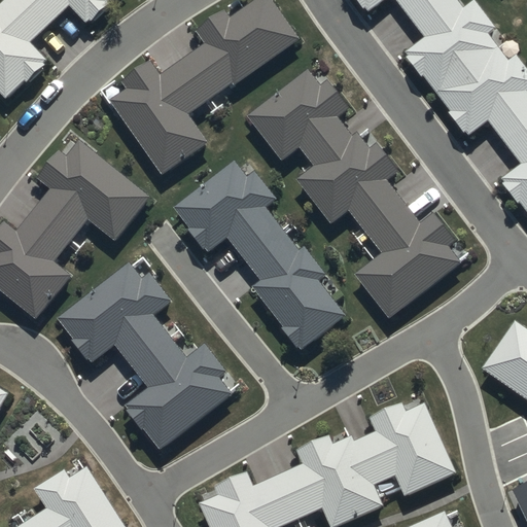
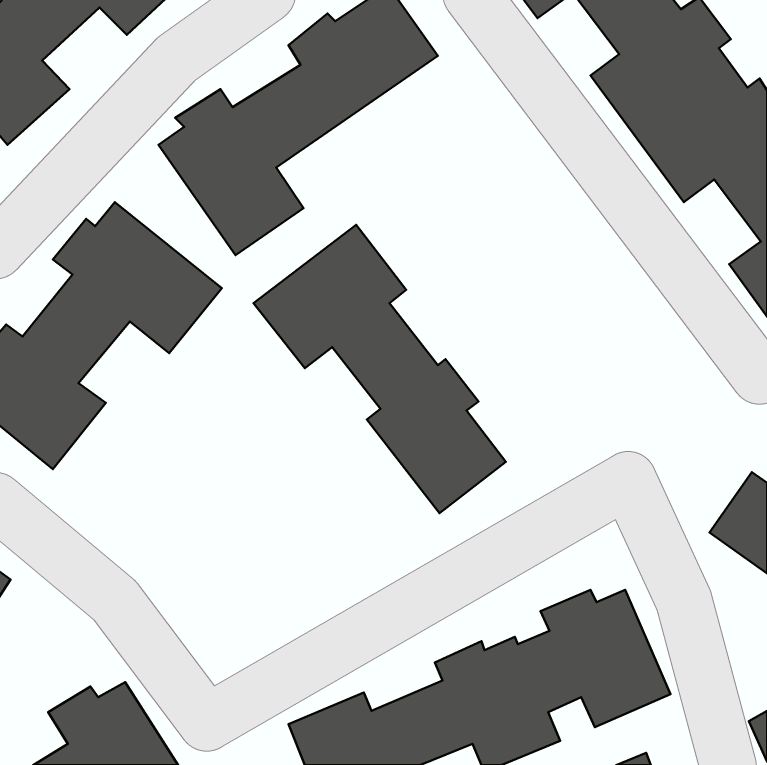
building: [247,63,461,319] -> none
building: [57,256,233,450] -> none

